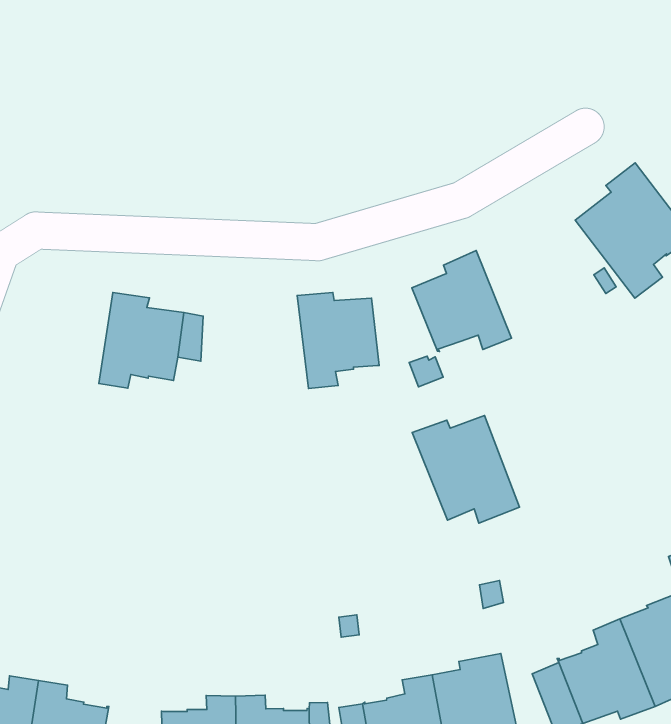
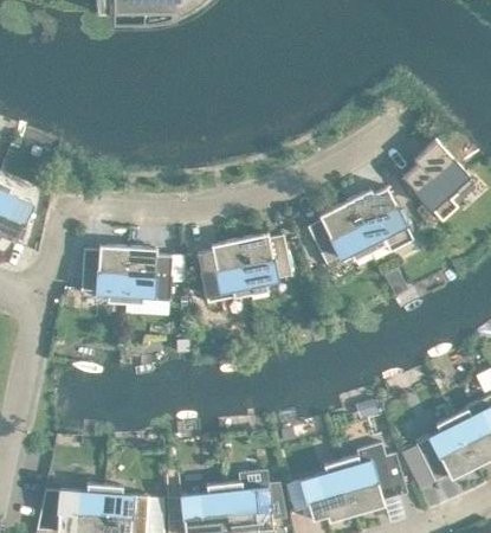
building: none -> [80,246,128,303]
building: none -> [196,239,251,303]
building: [412,416,520,523] -> [344,188,413,253]

